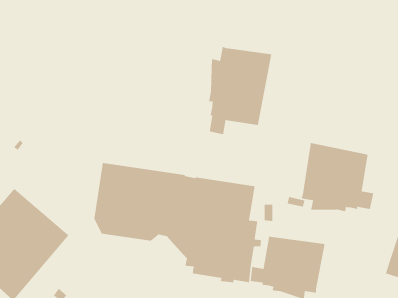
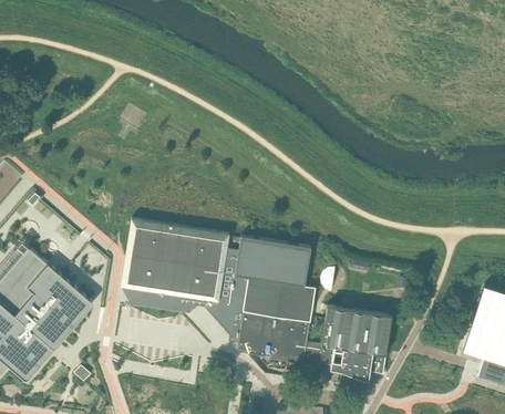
building: [208,46,272,135] -> none
building: [301,142,374,212] -> none

